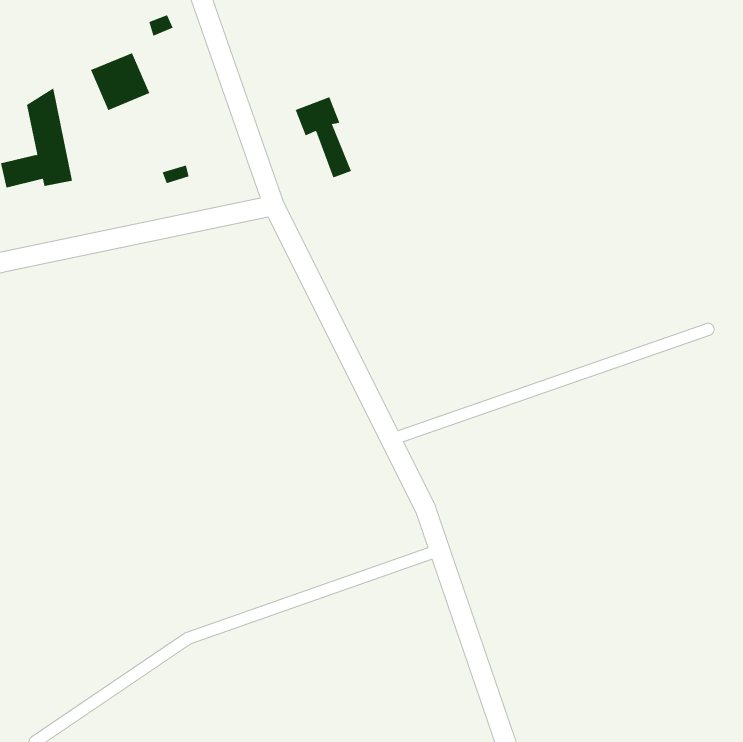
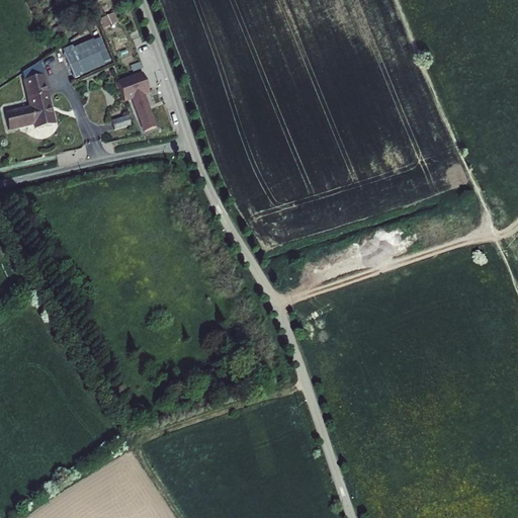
building: [295,97,352,178] -> [118,73,158,130]

